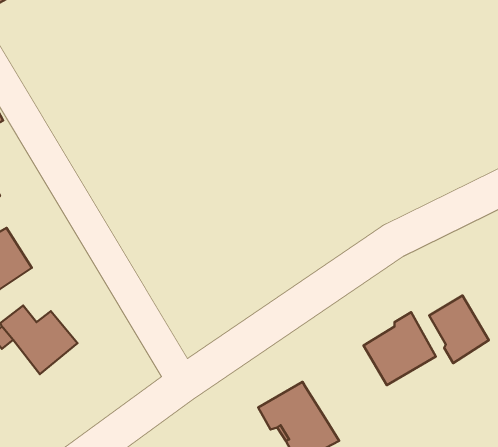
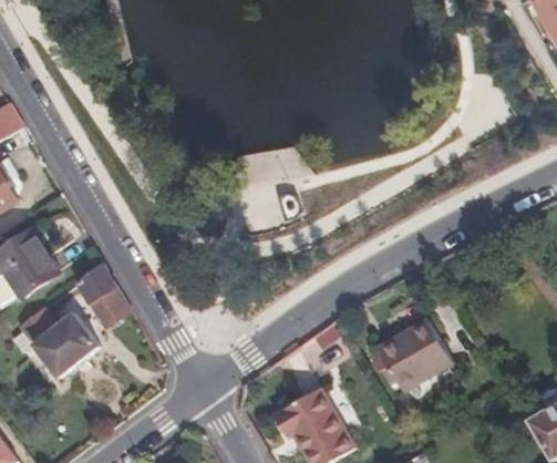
building: none -> [54,263,128,325]
building: [429,296,489,363] -> none

